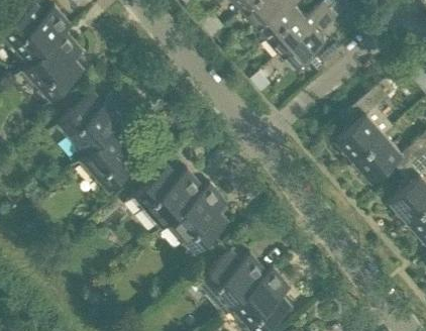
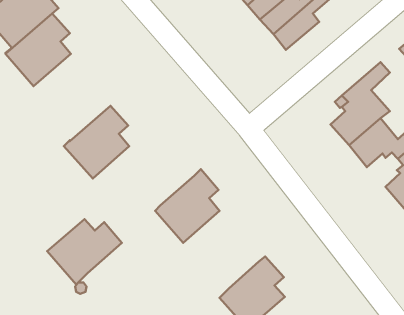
building: [57,93,129,156] -> none
building: [132,167,205,230] -> [47,219,122,284]
building: [195,250,268,314] -> none

